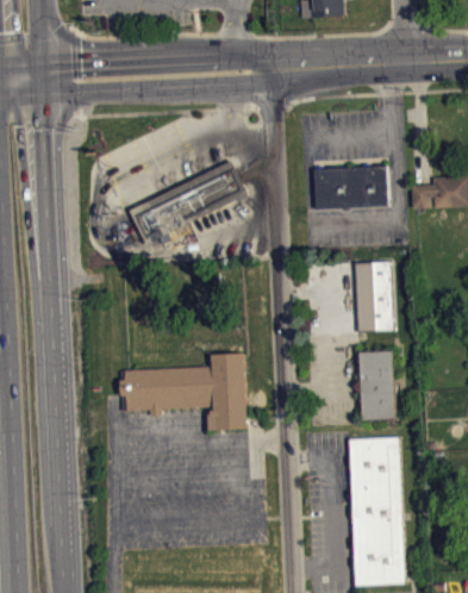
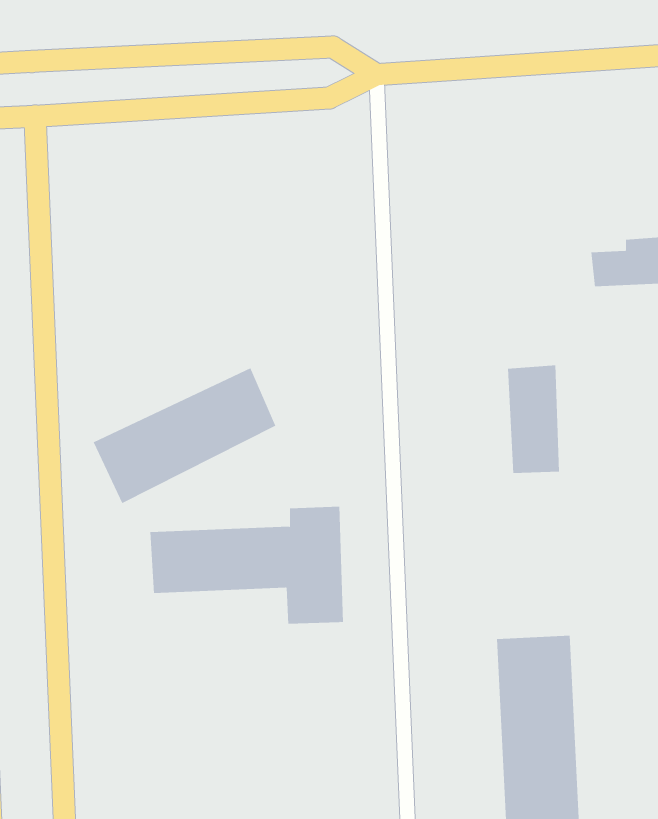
building: [127,156,248,245] -> [93,368,276,504]
building: [313,164,387,210] -> none
building: [358,350,395,419] -> none

